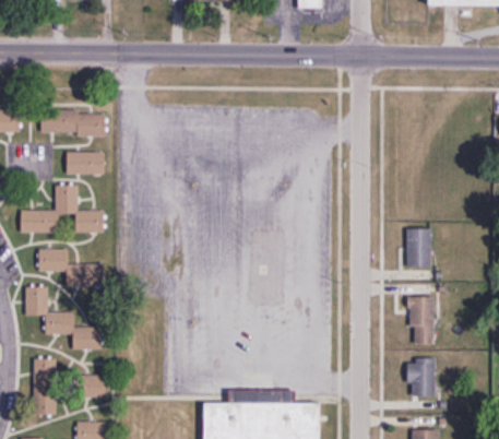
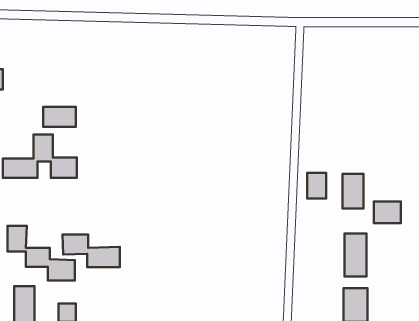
building: [41,111,106,134] -> none
building: none -> [307,173,326,199]
building: [38,249,104,286] -> [62,234,120,267]
building: none -> [374,201,401,223]

